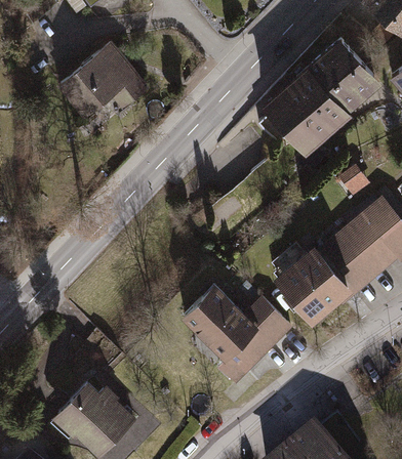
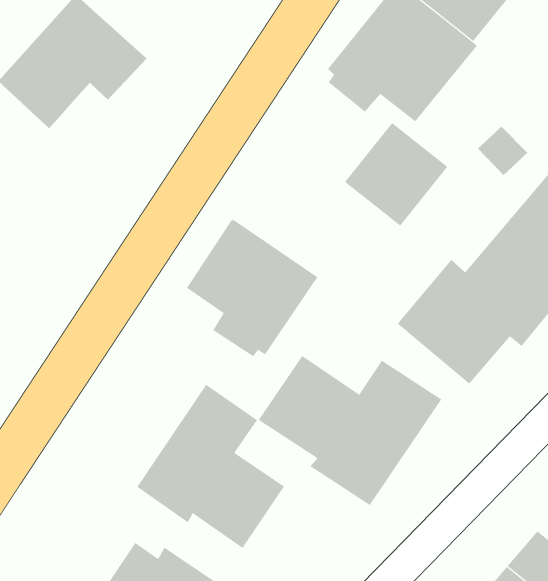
building: none -> [344,122,448,227]
building: none -> [186,219,318,357]
building: none -> [136,384,285,549]

